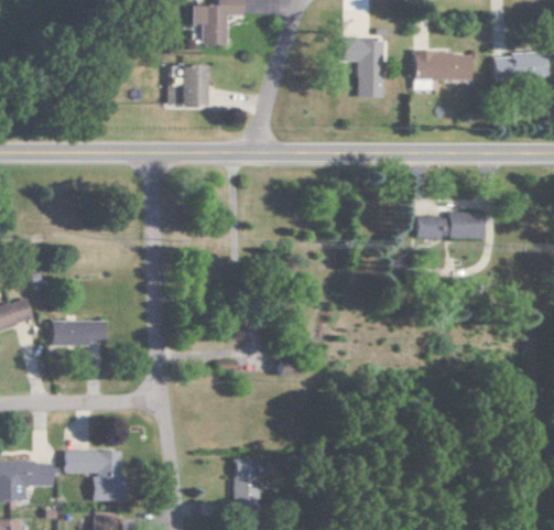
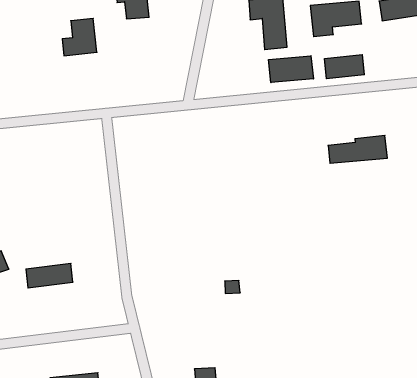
building: [167,65,206,105] -> [62,18,97,56]
building: none -> [269,56,313,83]
building: none -> [325,55,364,79]

